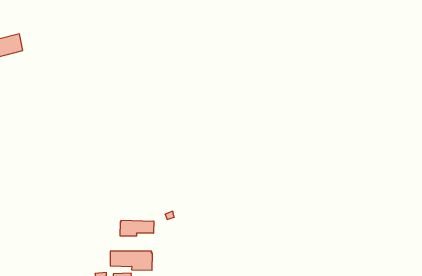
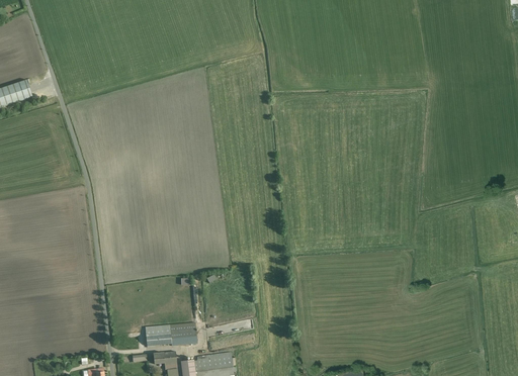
building: [120,220,154,236] -> none

